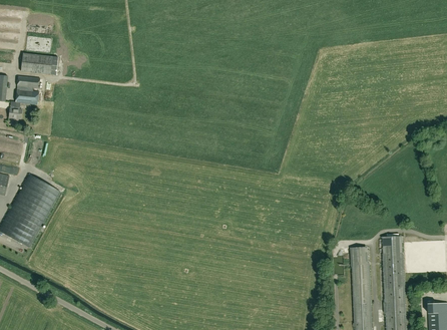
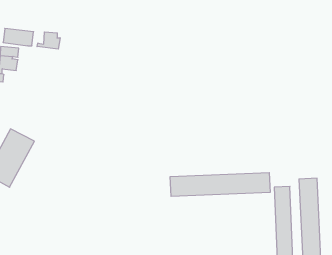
building: none -> [37,32,60,49]
building: none -> [170,173,270,196]

